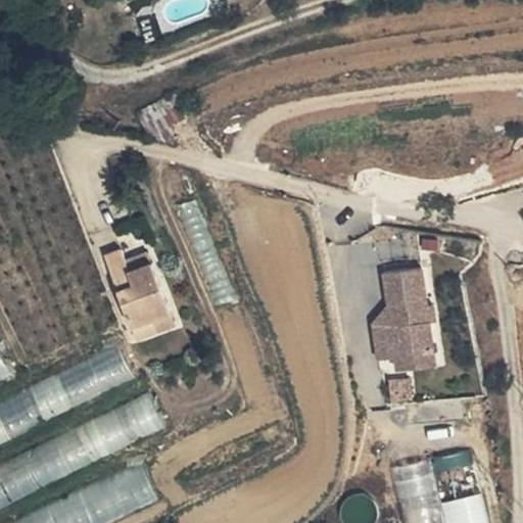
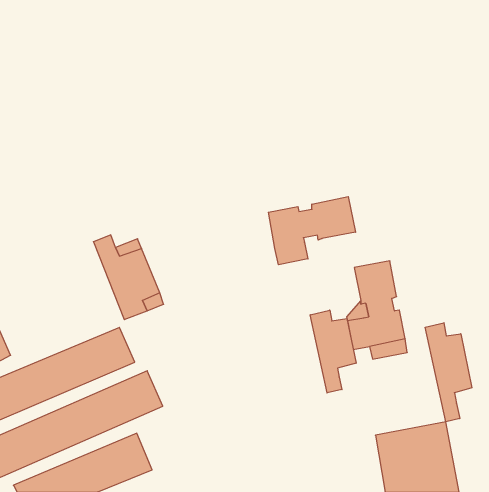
building: none -> [268,197,356,265]
building: none -> [310,310,356,393]
building: none -> [425,323,472,422]

